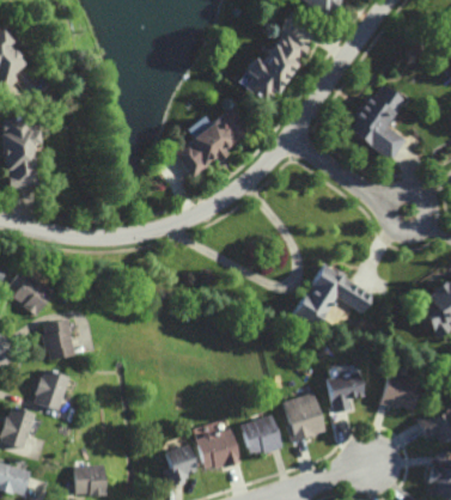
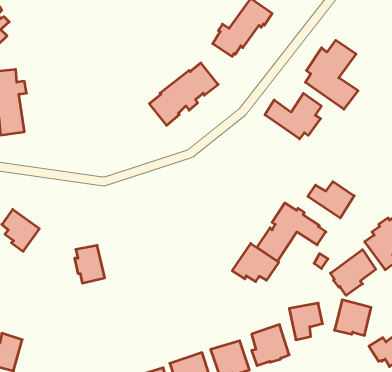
building: none -> [265,93,321,139]
building: none -> [308,182,354,218]
building: none -> [232,243,279,282]
building: none -> [330,250,376,295]
building: [41,319,74,361] -> [75,245,105,283]
building: [35,370,69,410] -> none

